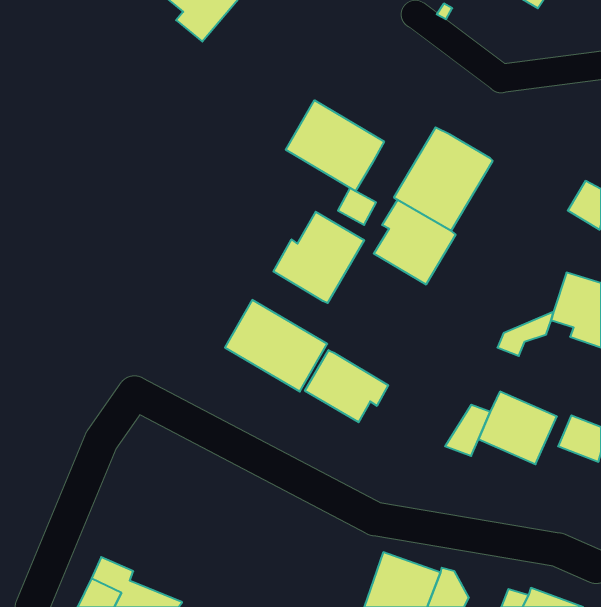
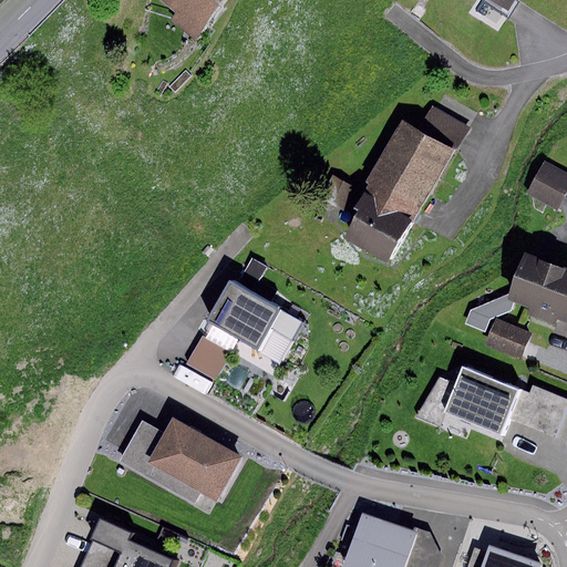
building: [286,100,384,191] -> none
building: none -> [419,105,467,147]
building: [273,212,364,303] -> none
building: none -> [485,318,532,360]
building: [305,350,388,422] -> none
building: none -> [183,336,226,380]
building: none -> [120,419,245,501]

